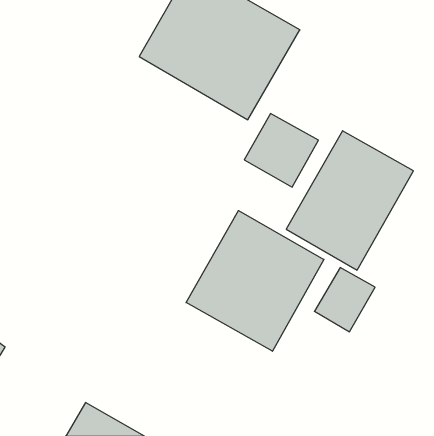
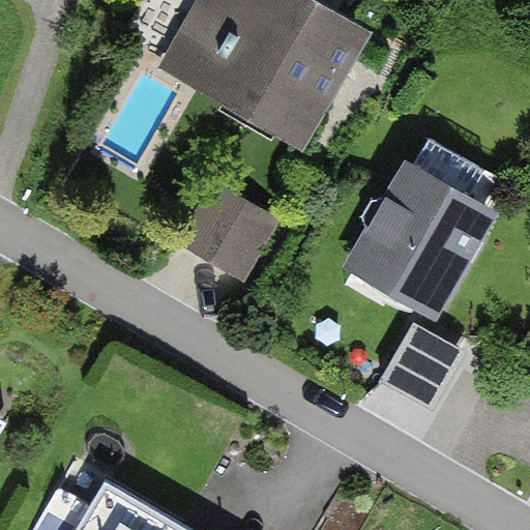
building: [244,114,318,187] -> [182,186,272,275]
building: [186,211,324,351] -> none

